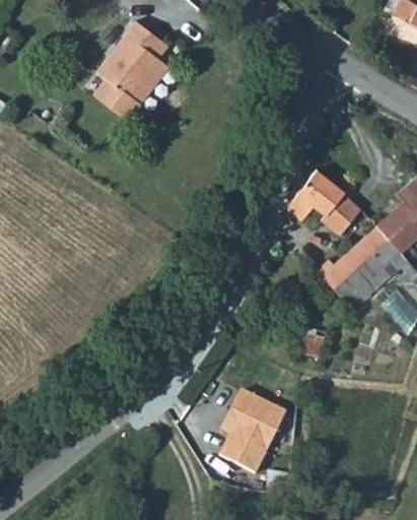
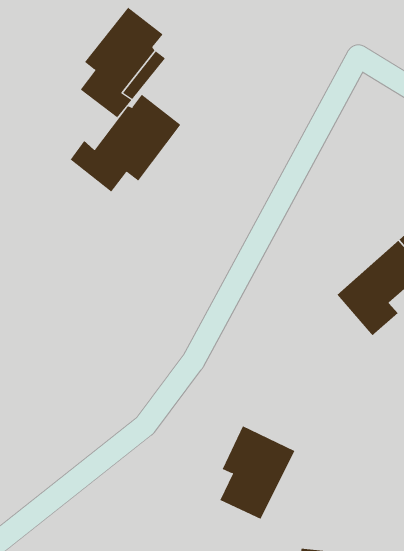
building: none -> [70,94,181,192]
building: [287,170,361,237] -> none

